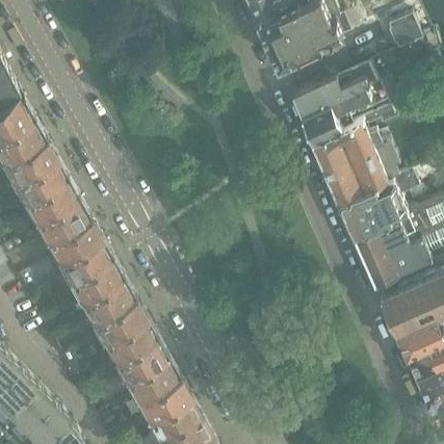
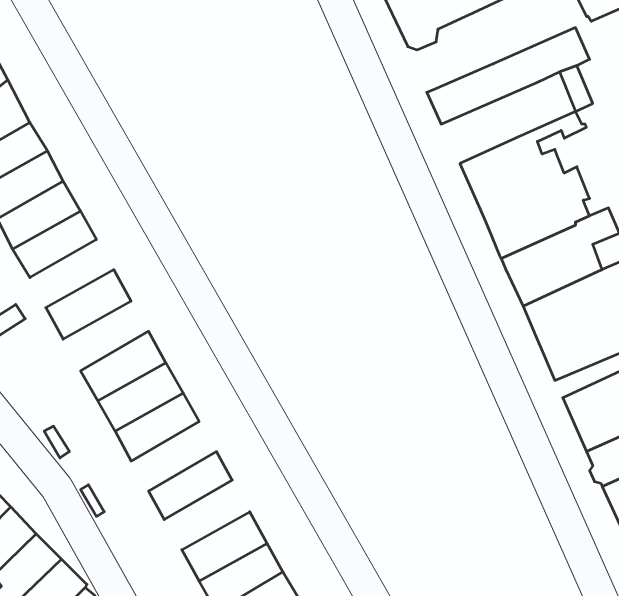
building: [302,92,371,146] -> none
building: [31,195,86,240] -> none
building: [53,236,109,282] -> none
building: [98,315,154,361] -> none
building: [120,354,176,399] -> none

